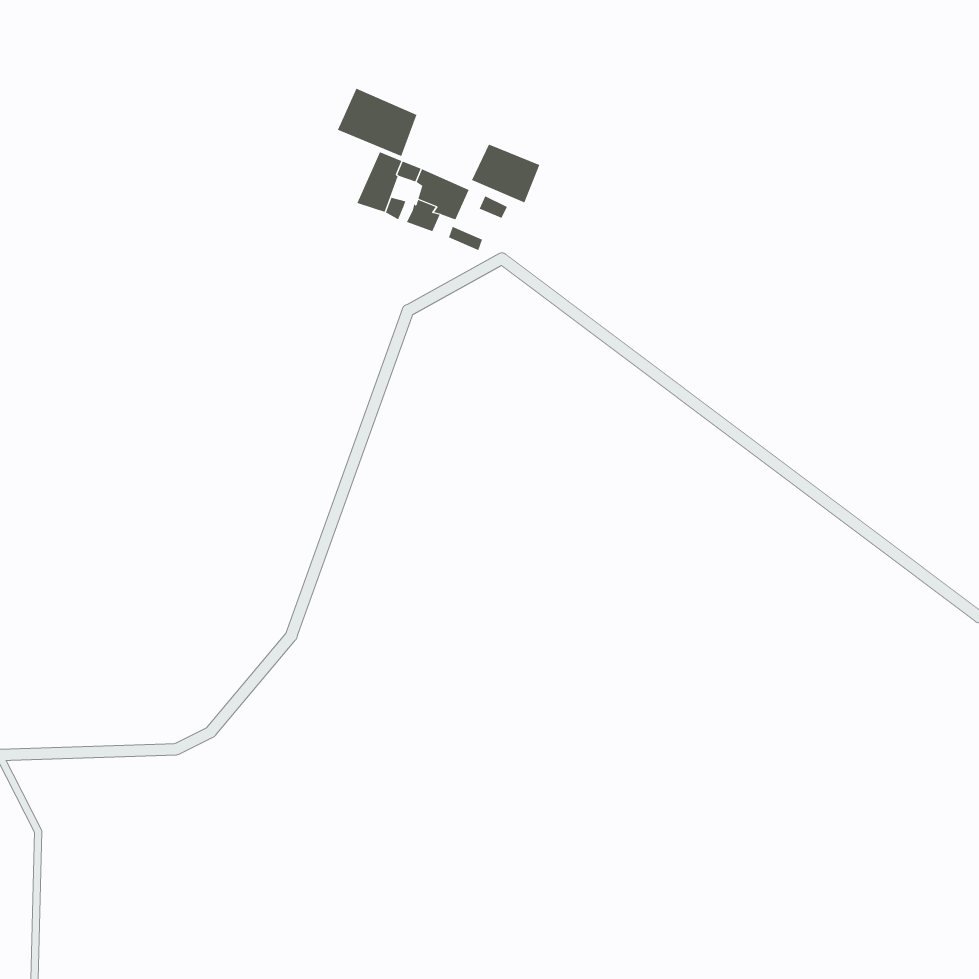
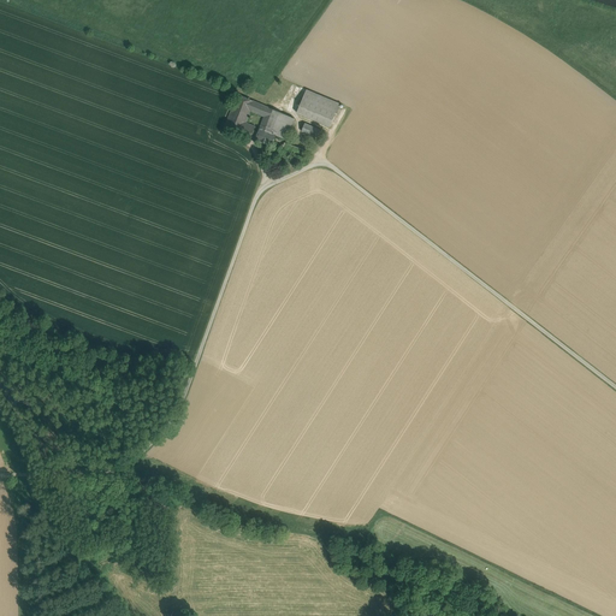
building: [337,88,417,157] -> none

